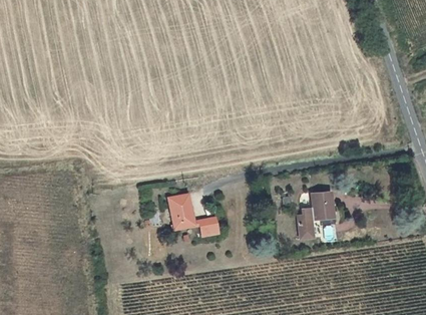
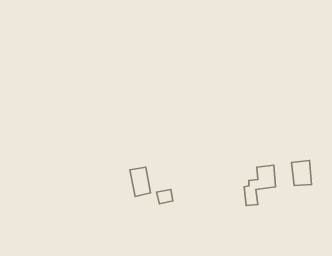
building: none -> [291,161,311,186]

